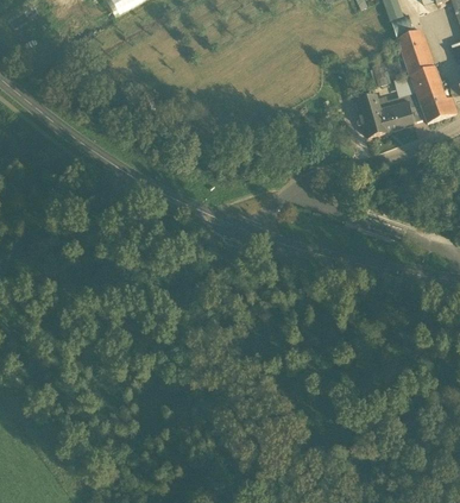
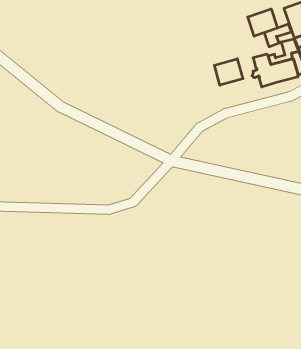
building: none -> [248,9,278,36]
building: none -> [214,59,243,85]

